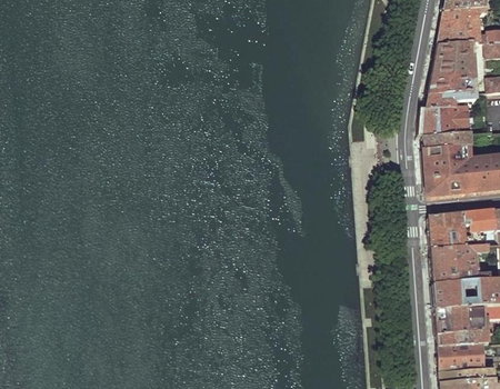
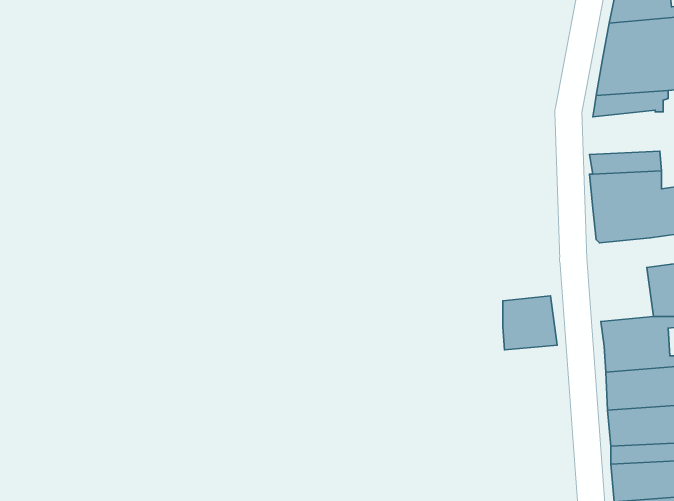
building: [423,106,471,136] -> none
building: [430,212,467,249] -> [503,296,557,350]

